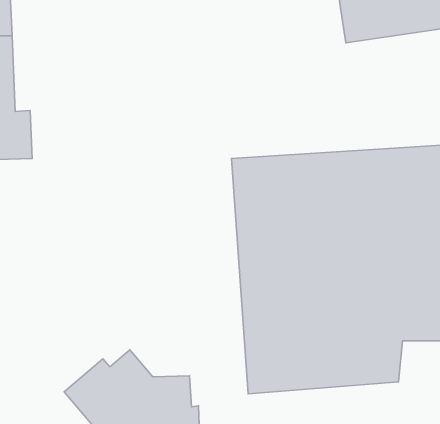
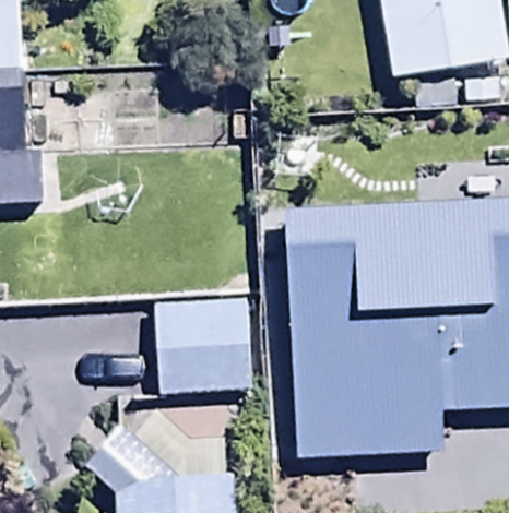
building: none -> [154,300,252,396]

